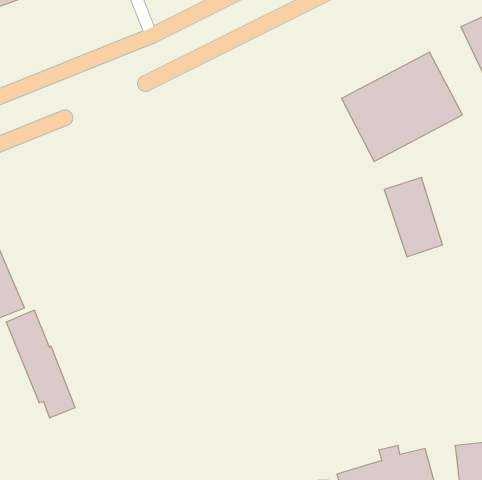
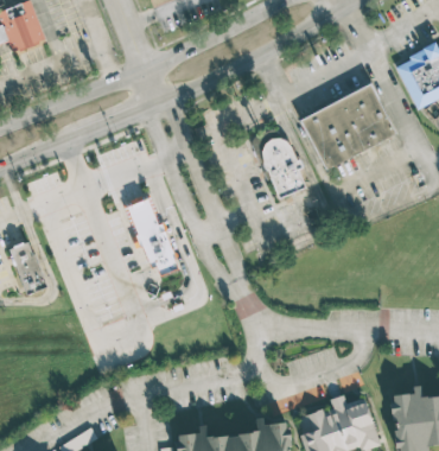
building: [384,177,443,257] -> [257,134,304,197]
building: [6,310,75,418] -> [127,190,182,275]

